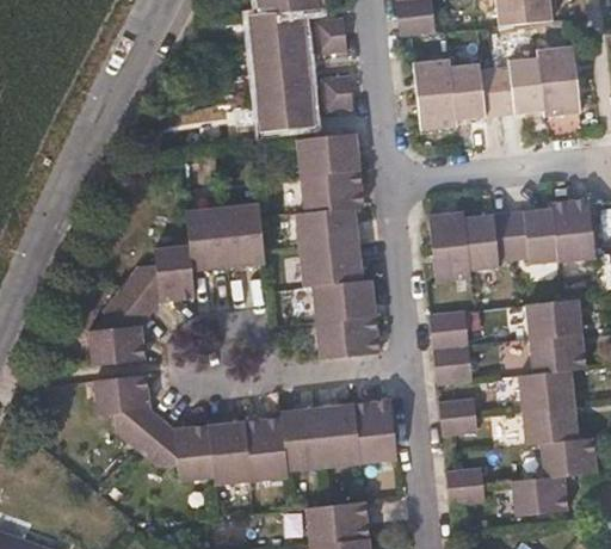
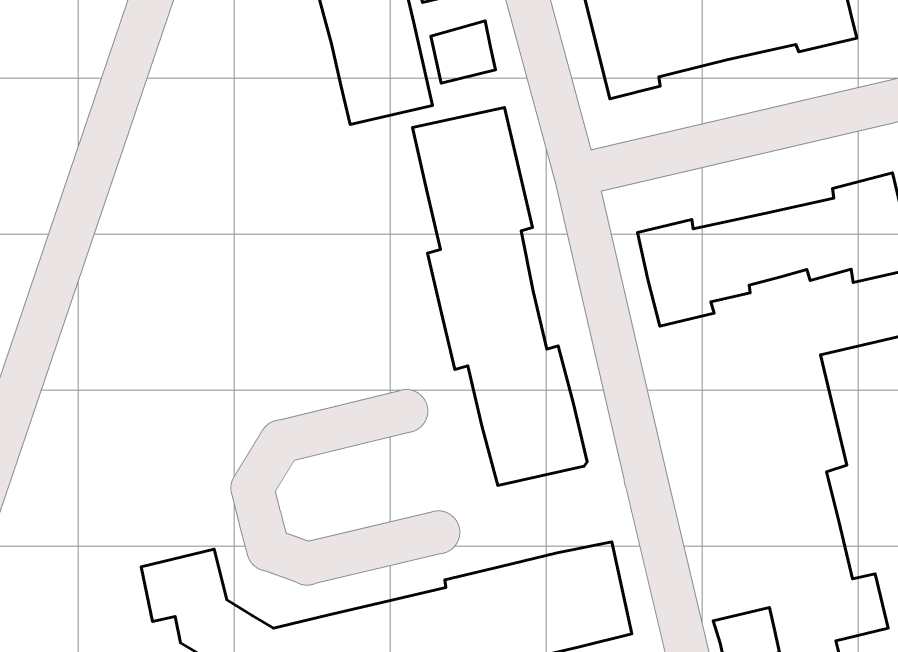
building: [87,202,264,362] -> none
building: [430,307,470,375] -> none
building: [437,389,475,425] -> none

